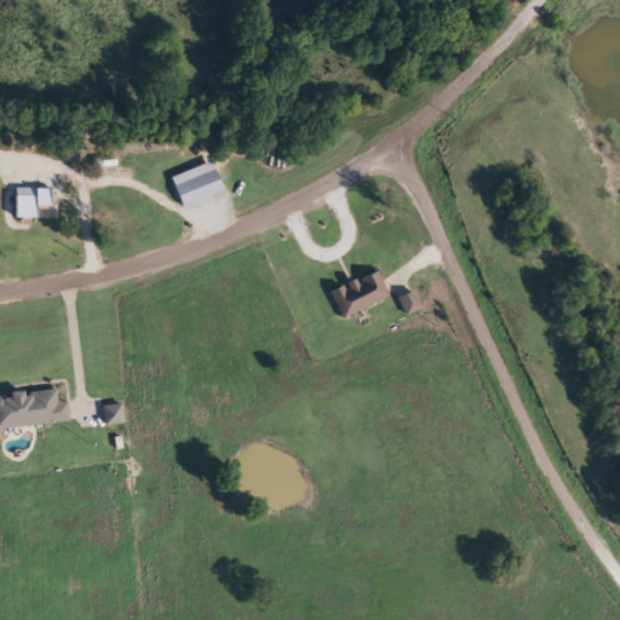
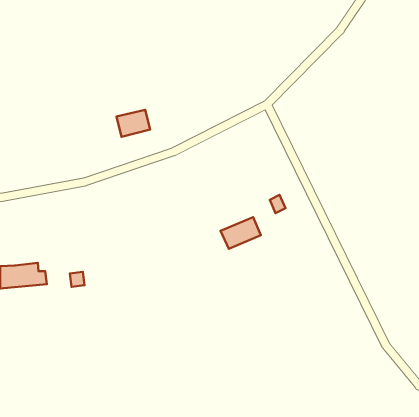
building: [15,186,51,216] -> none
building: [329,269,389,316] -> [221,217,261,249]

